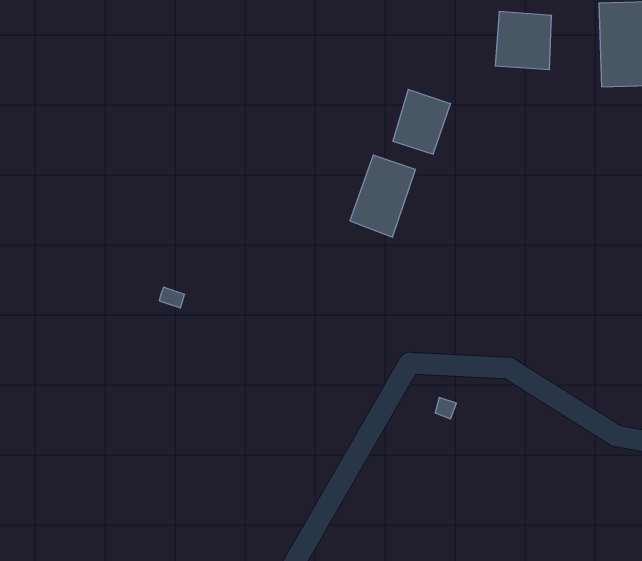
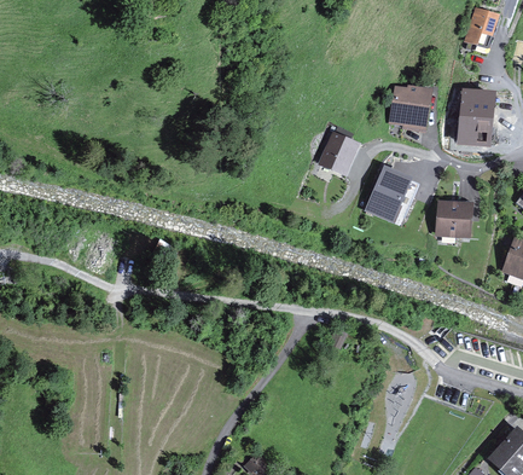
building: [350,155,416,237] -> [365,168,411,222]
building: none -> [436,203,469,234]

